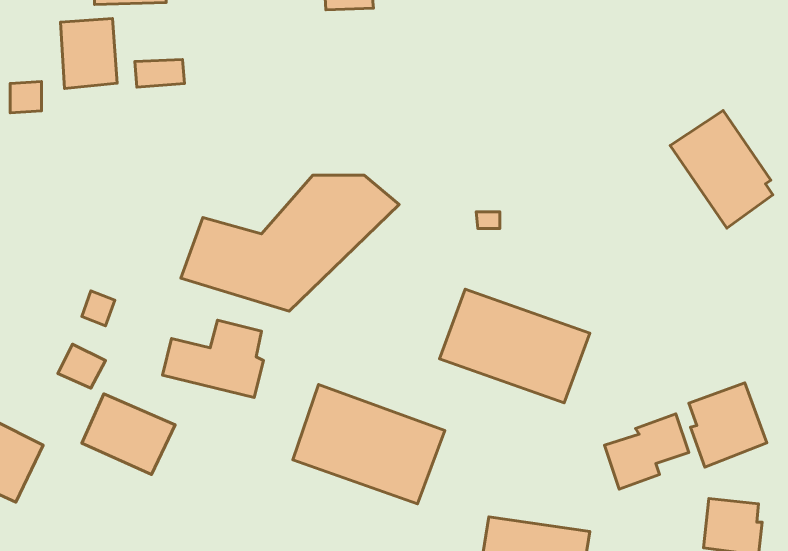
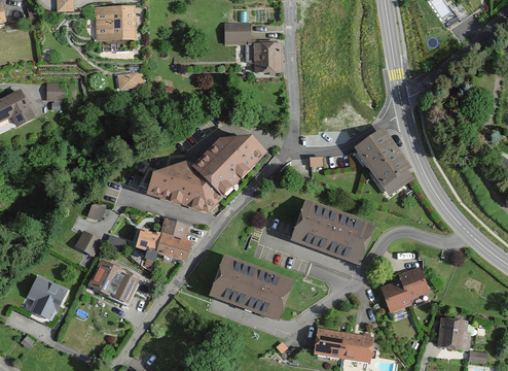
building: none -> [254,42,283,72]
building: [60,19,117,88] -> none
building: [670,110,773,228] -> [354,128,411,194]
building: [689,383,767,467] -> none

